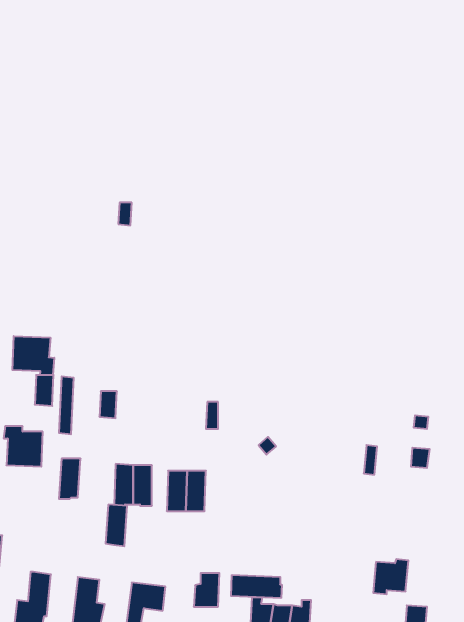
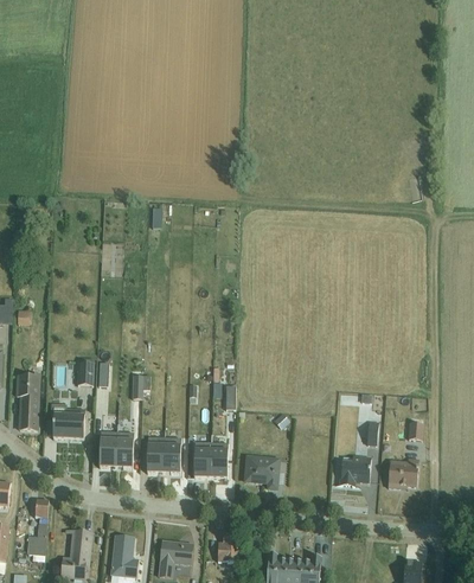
building: [12,336,54,375] -> none
building: none -> [244,455,278,489]
building: none -> [340,456,371,487]
building: [106,505,127,546] -> [115,433,134,469]
building: [373,559,408,594] -> [387,459,418,489]
building: [231,575,282,598] -> none

